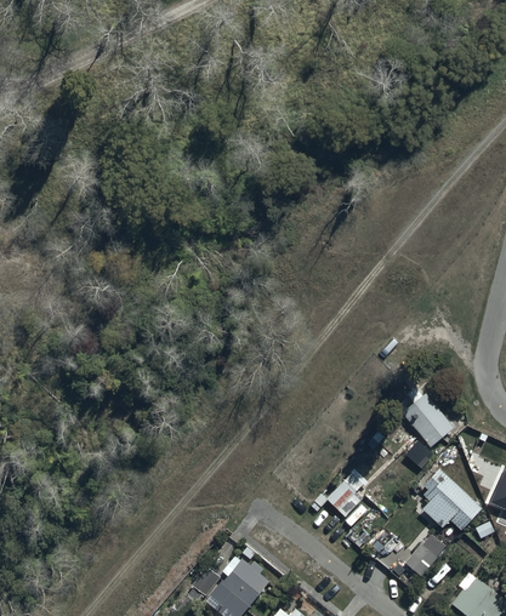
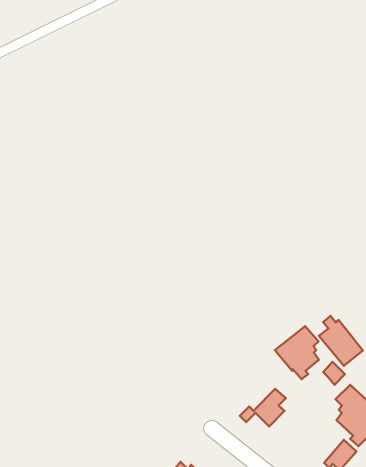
building: none -> [275,326,319,379]

